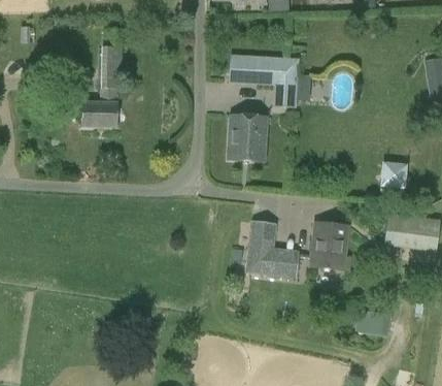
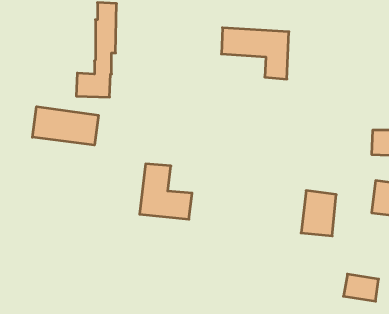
building: [228,114,268,161] -> none
building: none -> [32,107,98,145]
building: [245,220,299,277] -> [140,164,192,219]

